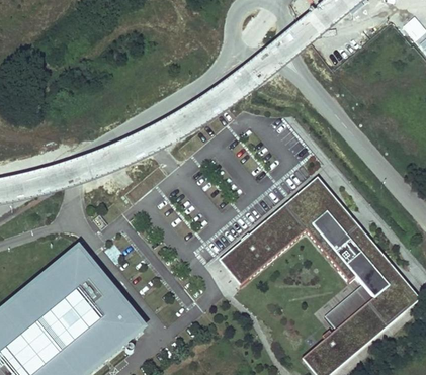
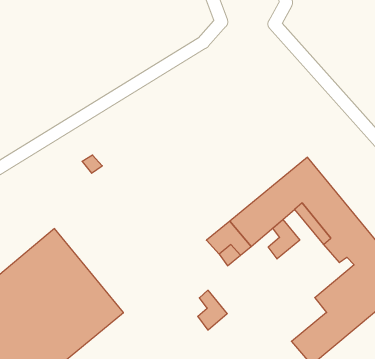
building: none -> [268,219,300,259]
building: none -> [198,290,227,330]

